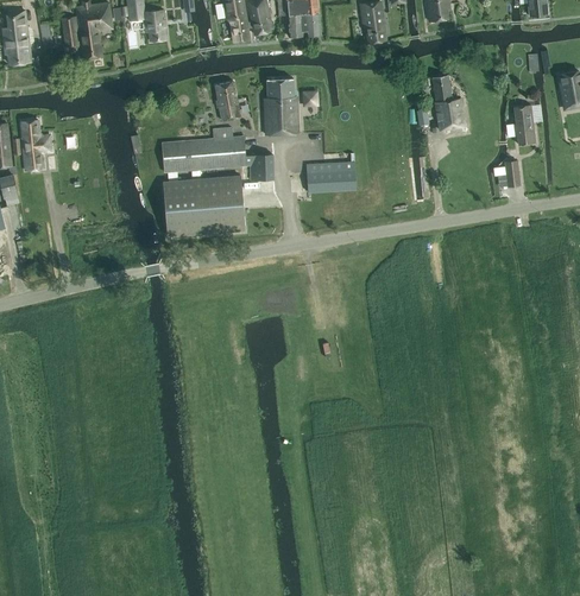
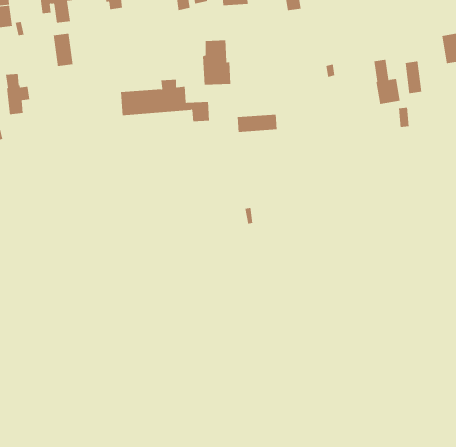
building: none -> [53,33,73,67]
building: [431,74,465,129] -> [374,59,401,105]
building: [214,81,239,119] -> none
building: [163,175,244,235] -> none

